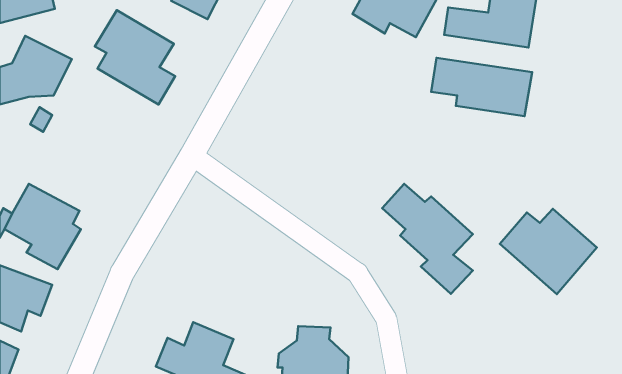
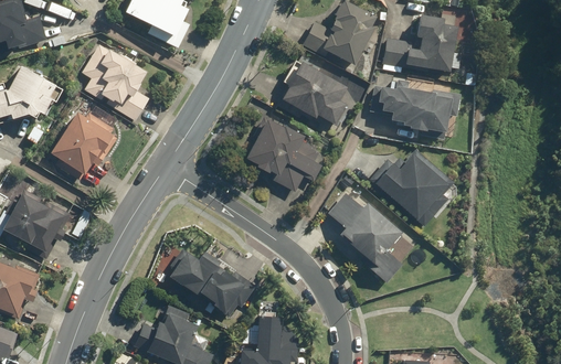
building: none -> [276,56,349,122]
building: none -> [51,109,116,182]
building: none -> [247,115,324,192]
building: [500,209,597,294] -> [370,148,453,221]
building: none -> [170,248,246,313]

